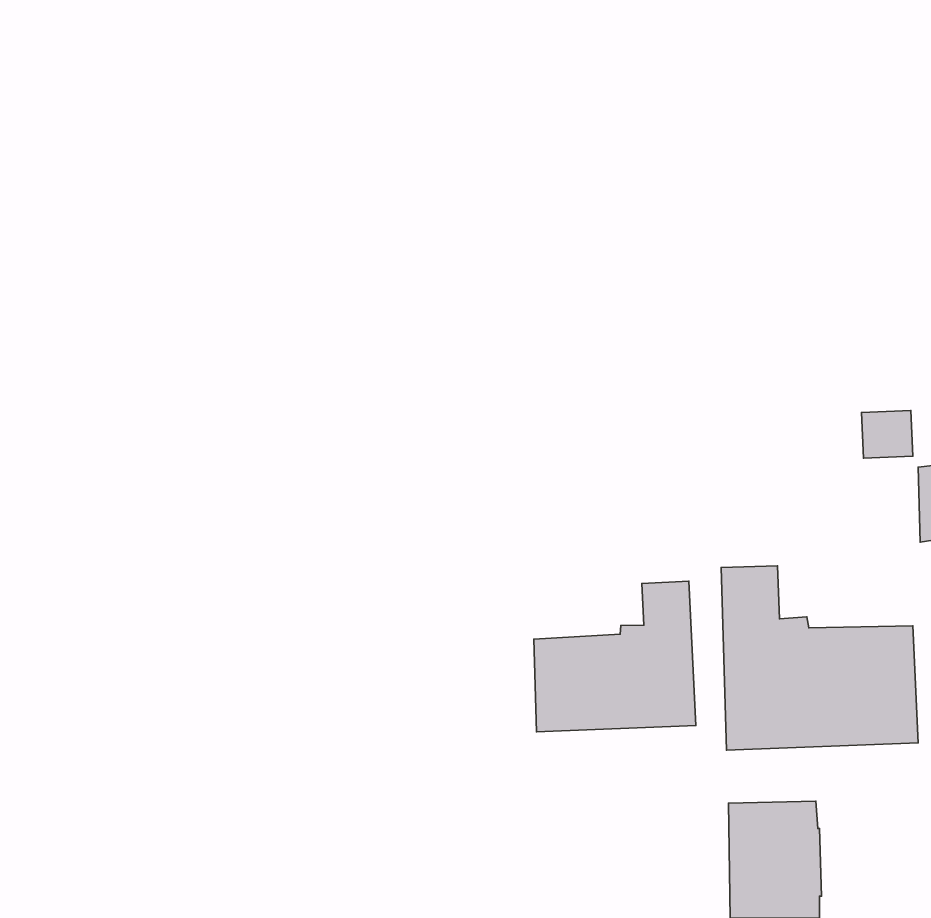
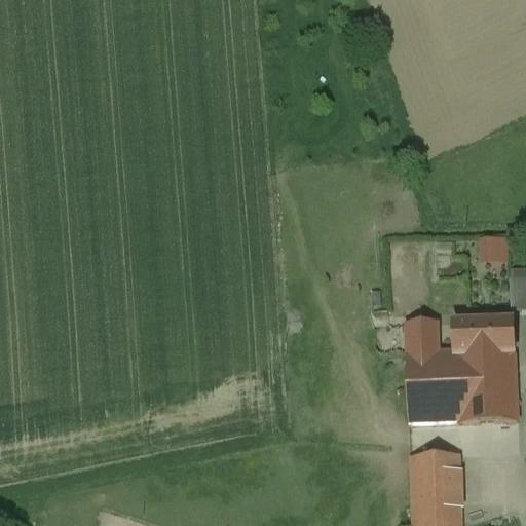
building: none -> [455,316,515,353]
building: [534,581,696,732] -> none

